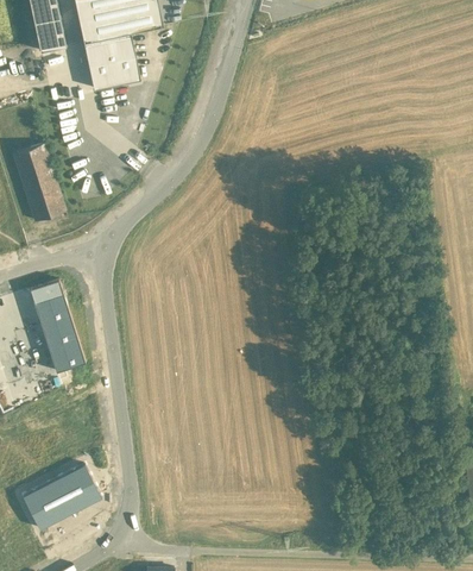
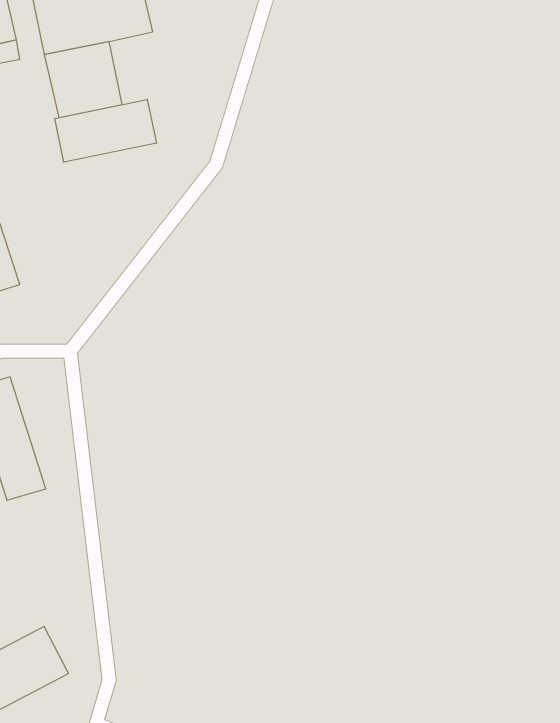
building: none -> [55,99,156,162]

